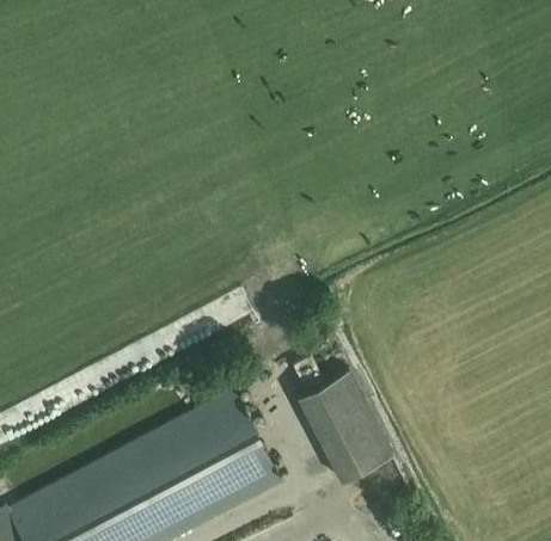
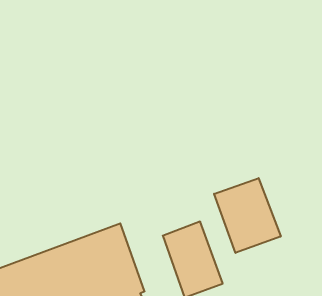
building: none -> [214,178,281,253]

